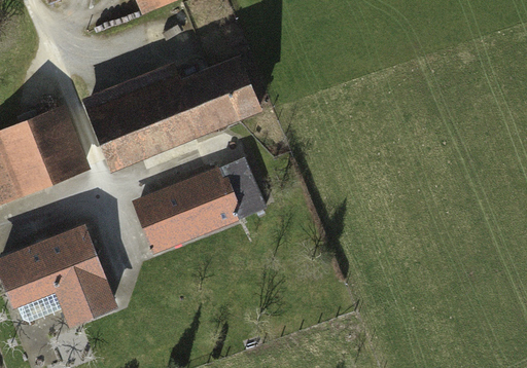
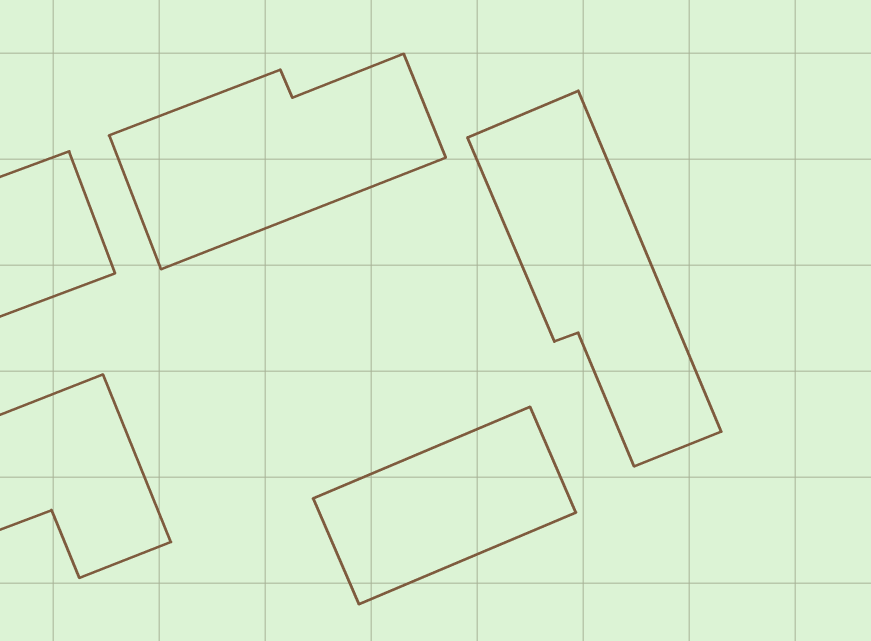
building: none -> [468,91,721,466]
building: [131,154,267,256] -> [313,407,576,604]

